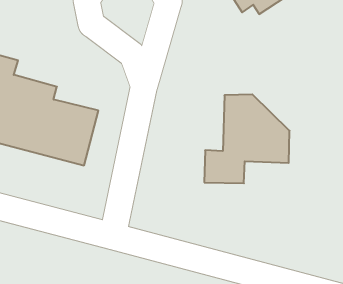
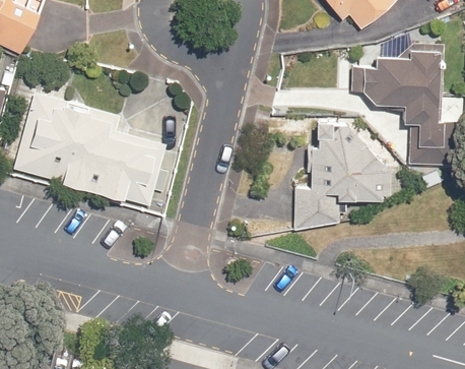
building: none -> [358,45,450,146]

